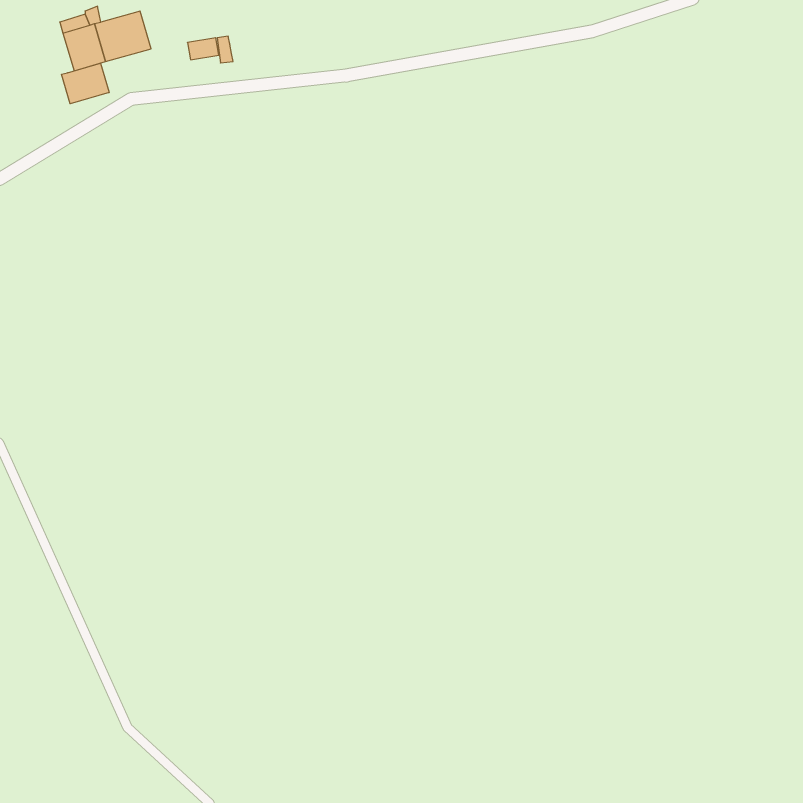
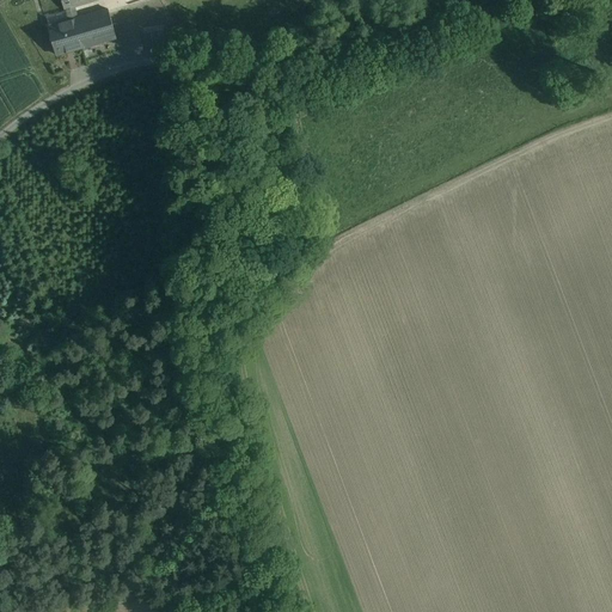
building: [62,63,109,104] -> none

